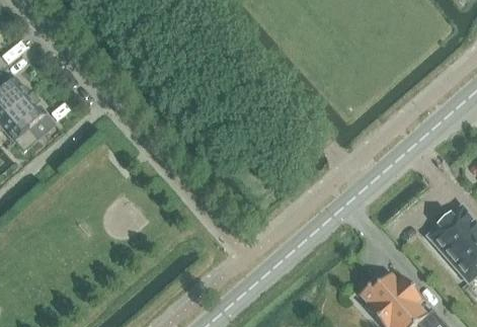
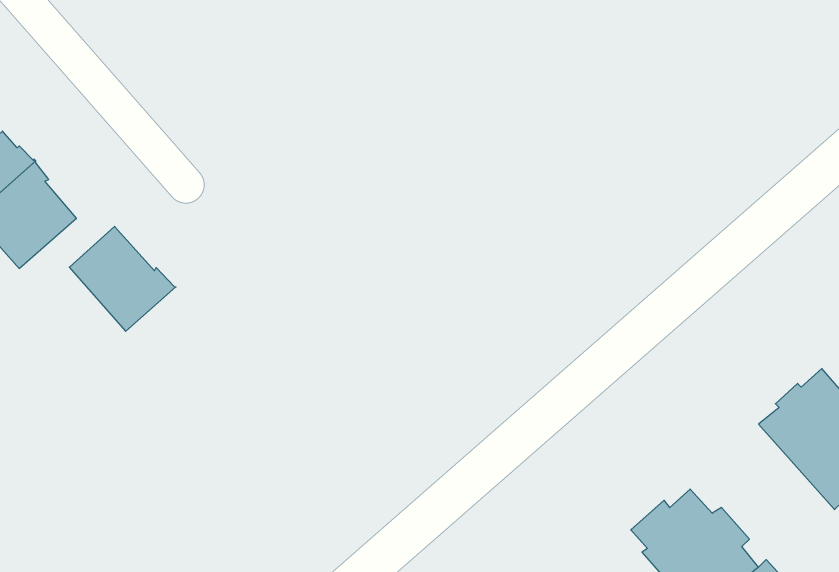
building: none -> [69,226,176,331]

